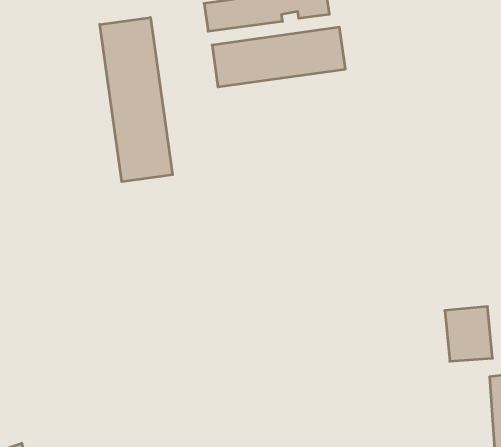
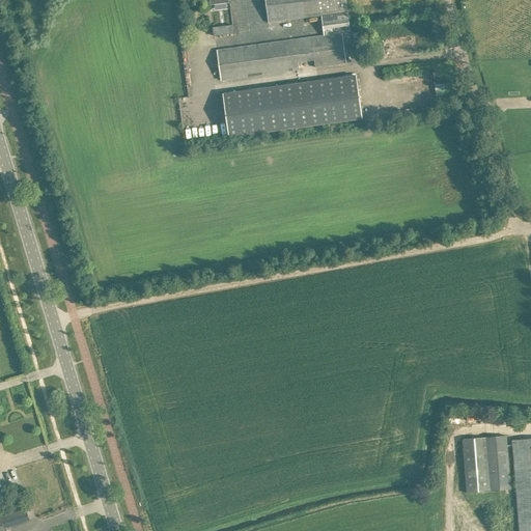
building: [100,17,173,182] -> none
building: [445,307,493,361] -> [460,435,510,492]

